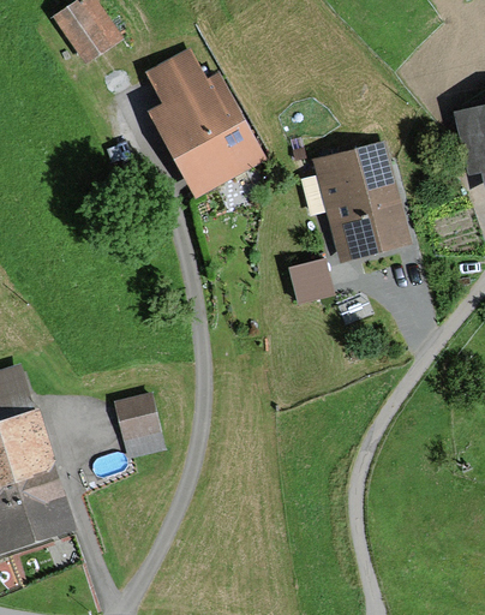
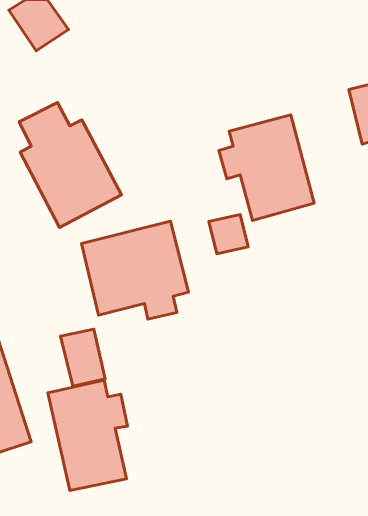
building: [145,49,267,197] -> [19,102,122,227]
building: none -> [82,221,188,319]
building: none -> [48,380,127,491]

